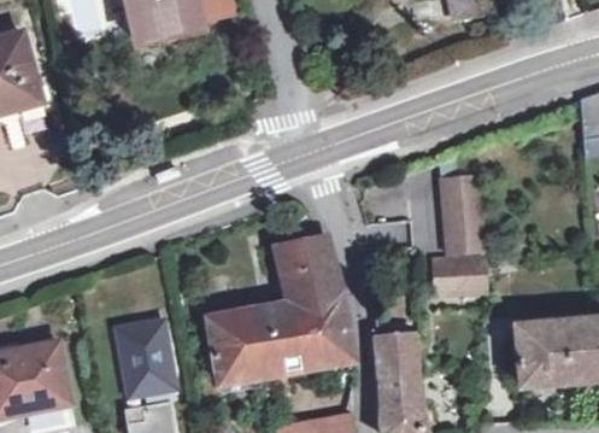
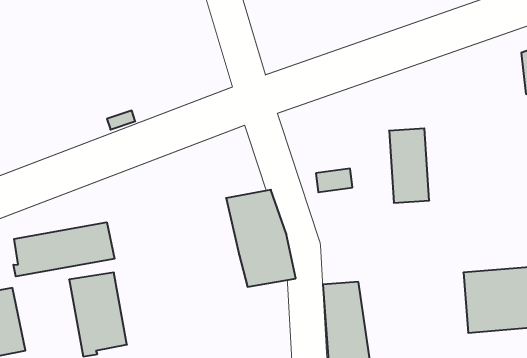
building: [434,254,487,293] -> none
building: none -> [13,222,115,276]
building: [207,304,352,386] -> none

